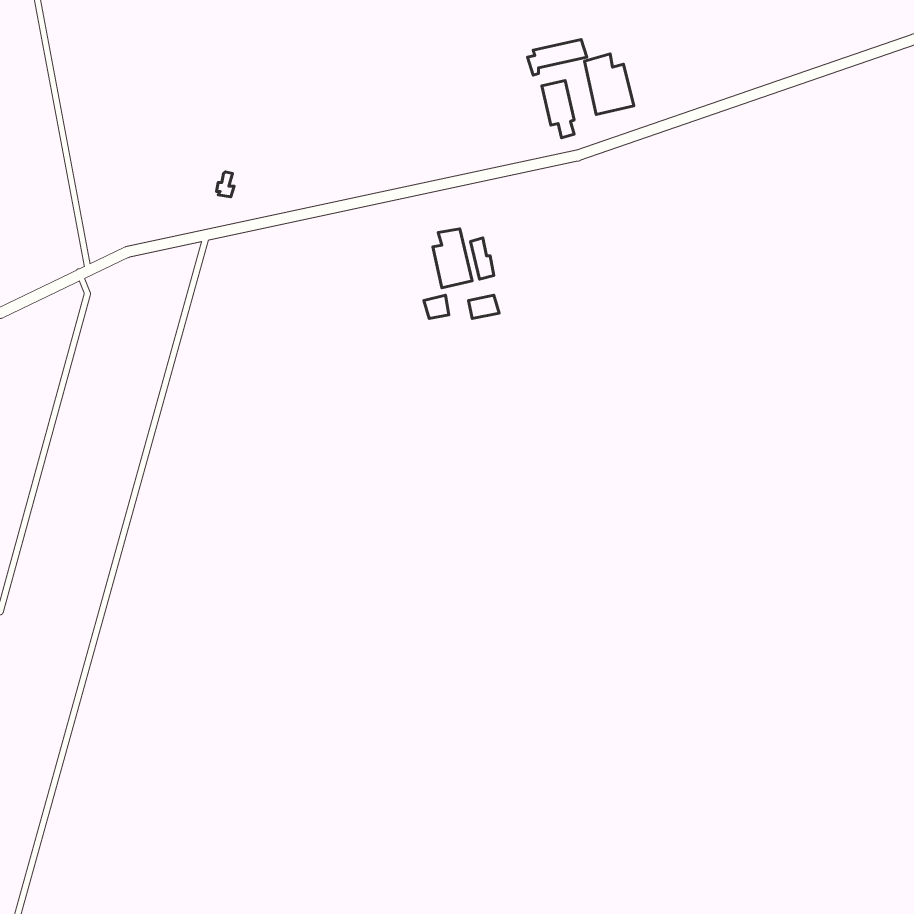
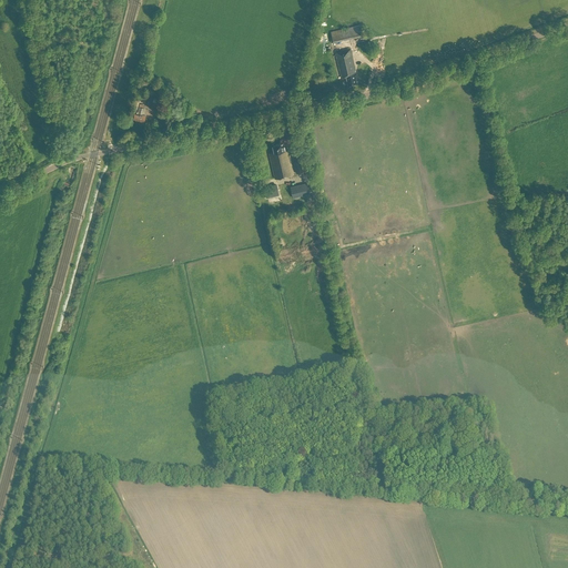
building: [584,54,634,114] -> none

